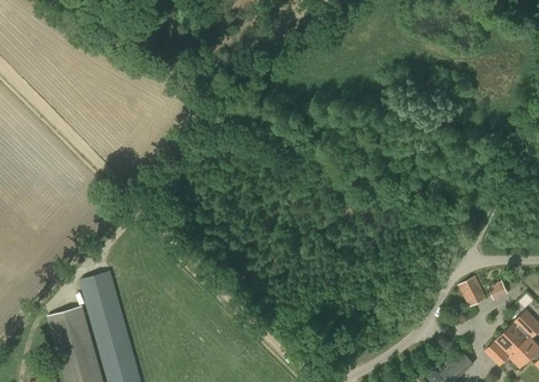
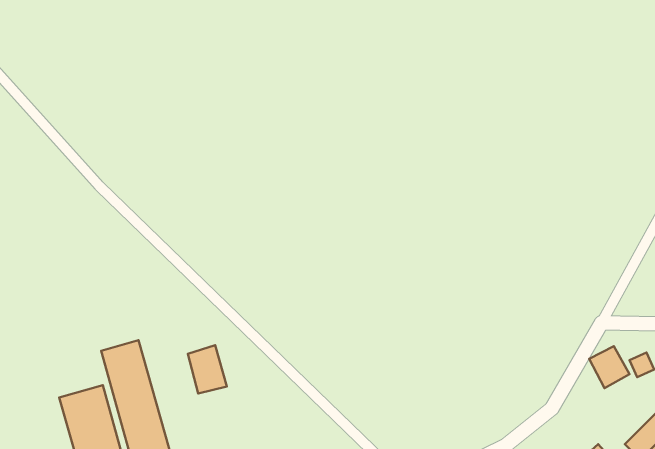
building: none -> [188,345,227,394]

